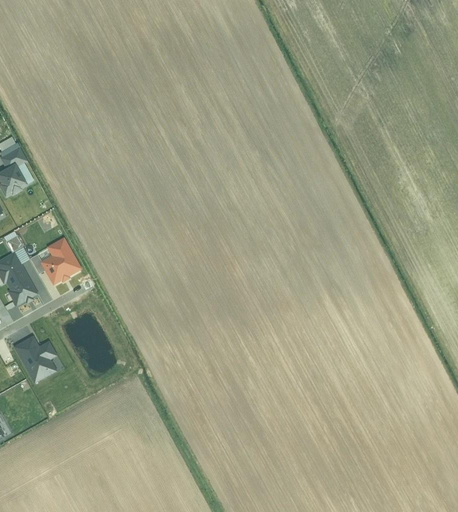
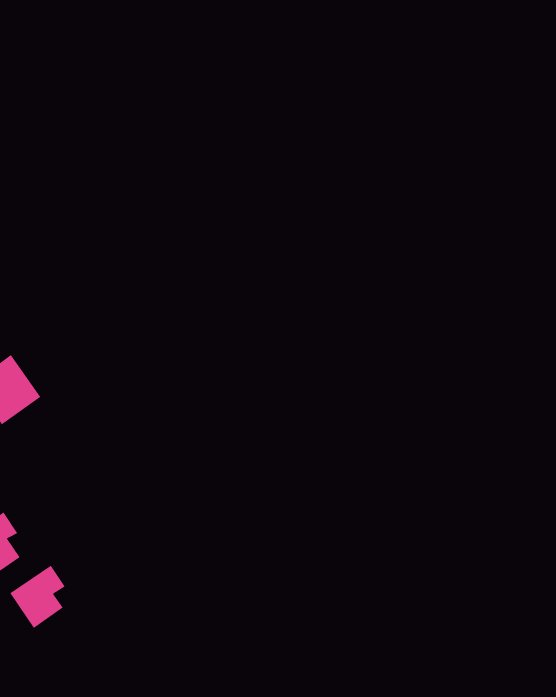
building: none -> [10,565,65,629]

